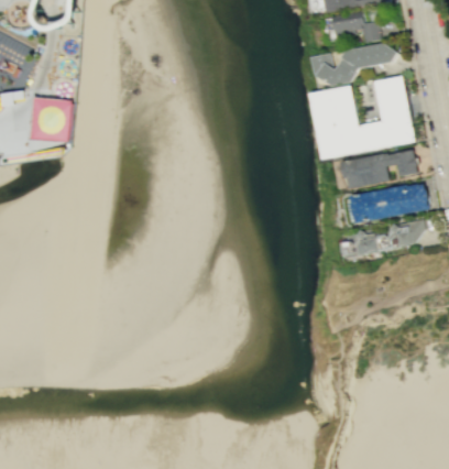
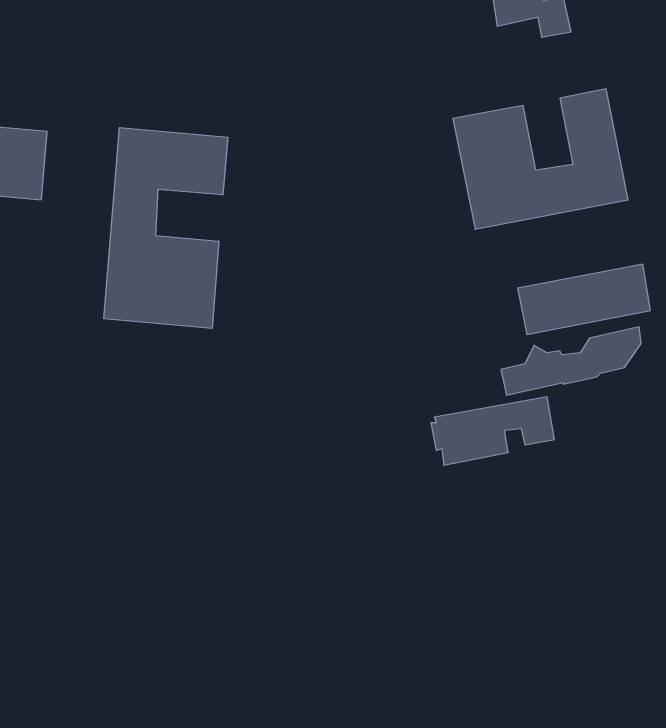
building: [309,43,397,86] -> none
building: none -> [104,128,228,328]
building: [341,146,415,187] -> [431,397,554,465]

